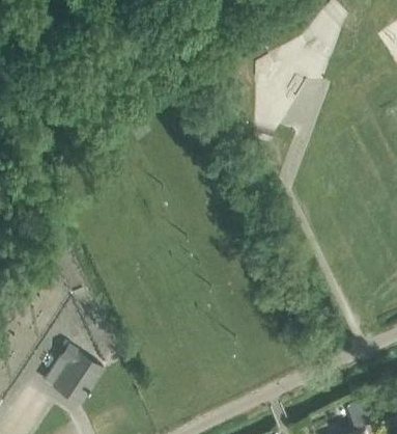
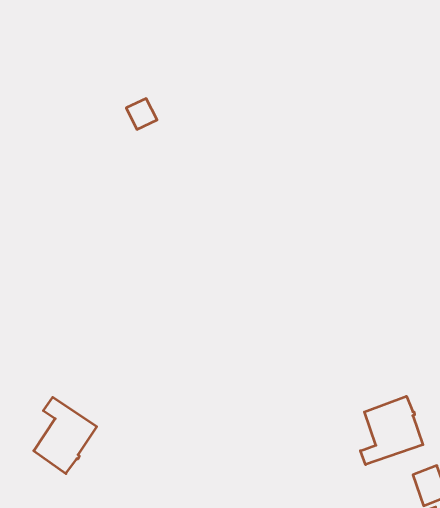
building: none -> [360,396,423,465]

